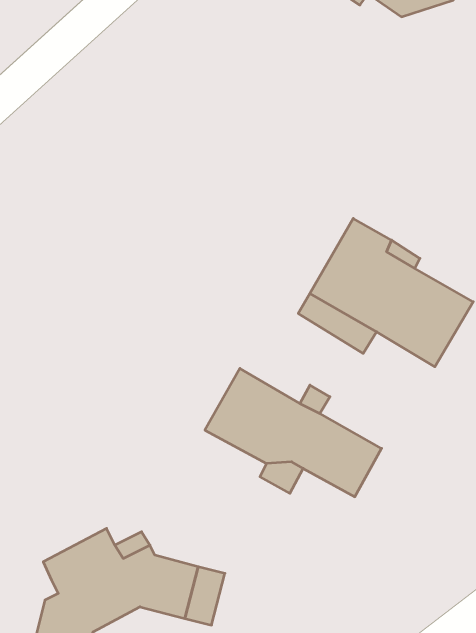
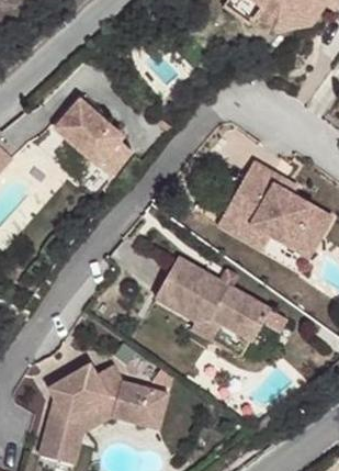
building: none -> [52,102,132,180]

